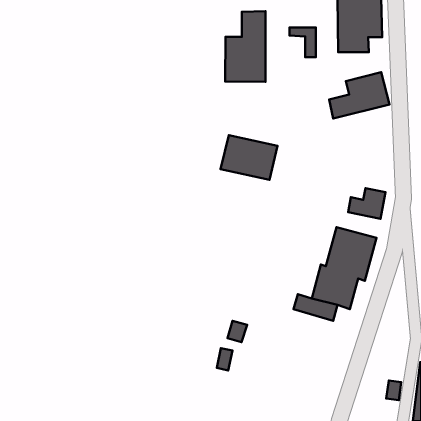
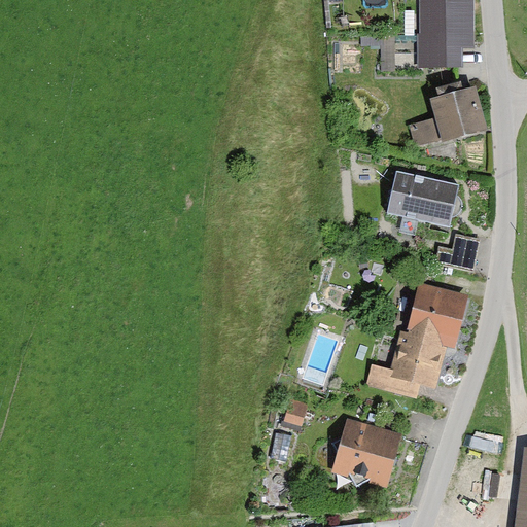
building: [225,11,265,82] -> none
building: [221,135,278,180] -> [386,172,457,227]
building: none -> [331,416,402,488]

